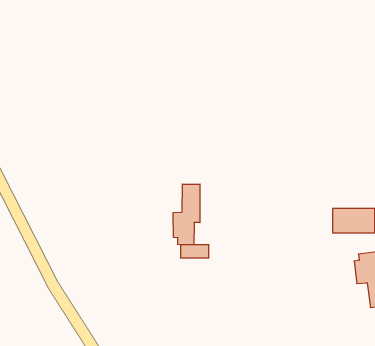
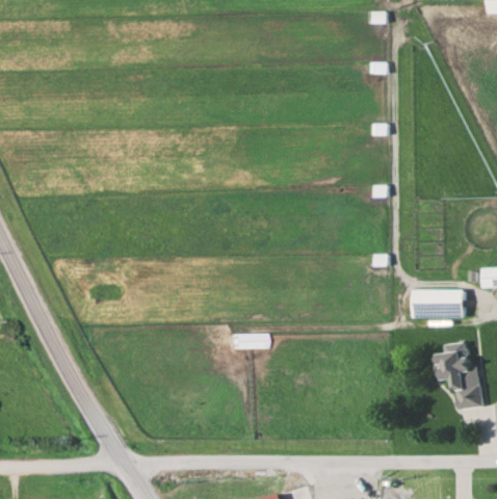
building: [173,184,200,245] -> none

